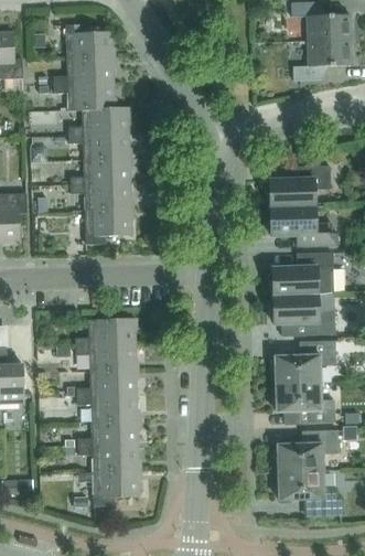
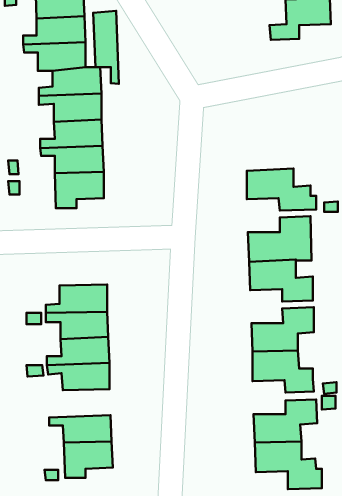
building: none -> [93,11,119,84]
building: [270,164,332,207] -> none
building: [79,419,139,447] -> none

